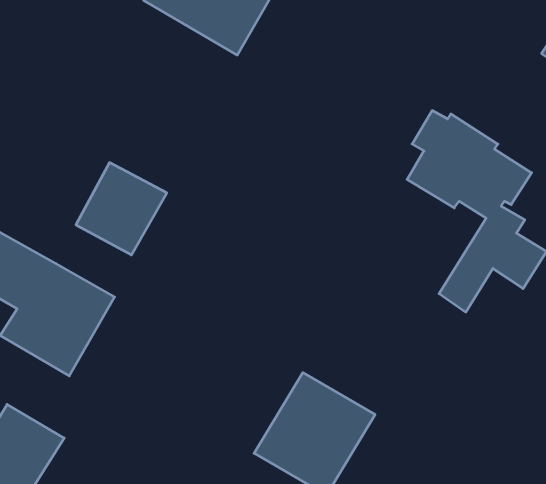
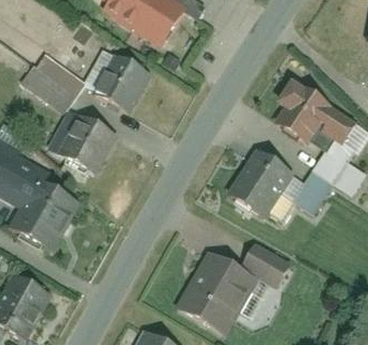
building: none -> [24,53,82,106]
building: none -> [92,53,153,113]
building: none -> [228,150,307,227]
building: none -> [243,241,294,287]

